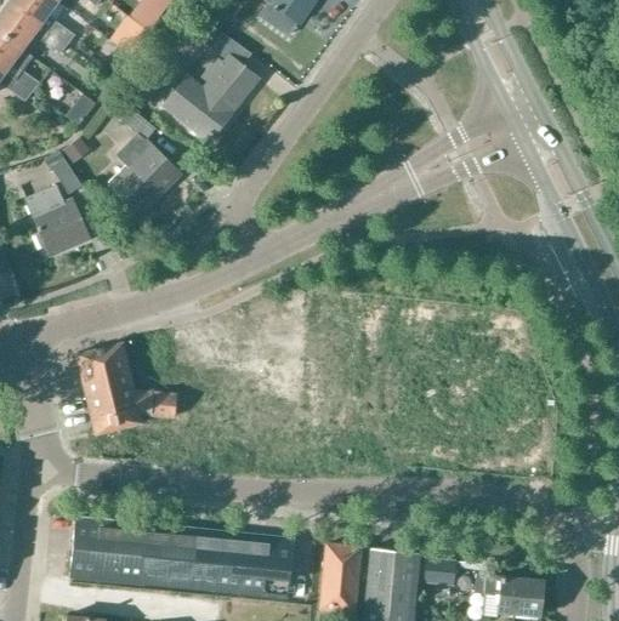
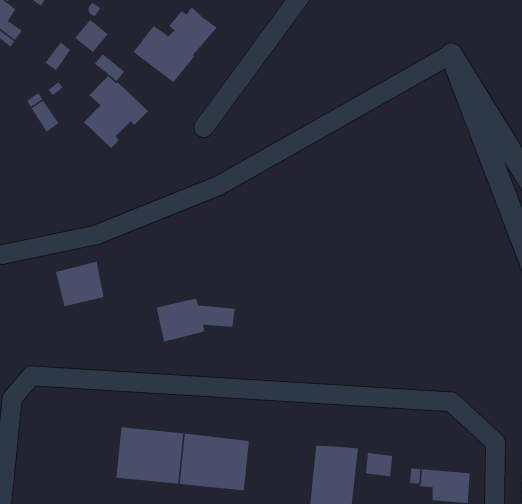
building: none -> [74,19,109,53]
building: [25,187,90,251] -> none
building: [86,382,176,433] -> [156,297,235,343]
building: [72,520,151,586] -> none
building: [320,543,359,610] -> none

